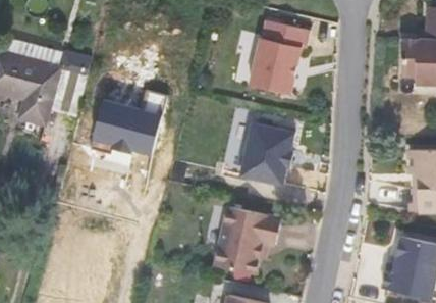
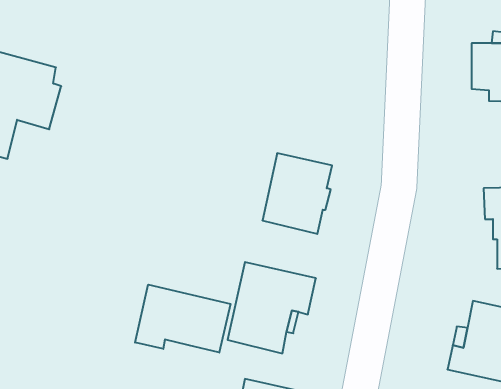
building: [250,20,309,94] -> none
building: [90,100,161,157] -> none
building: none -> [135,285,231,353]

